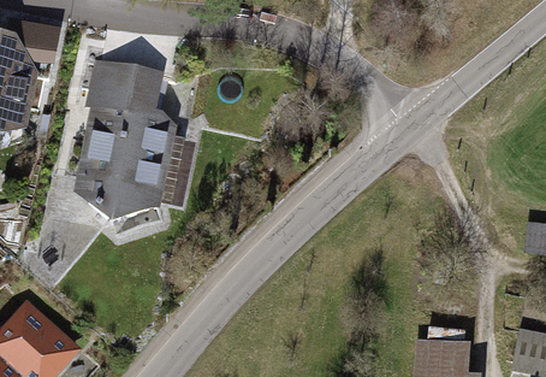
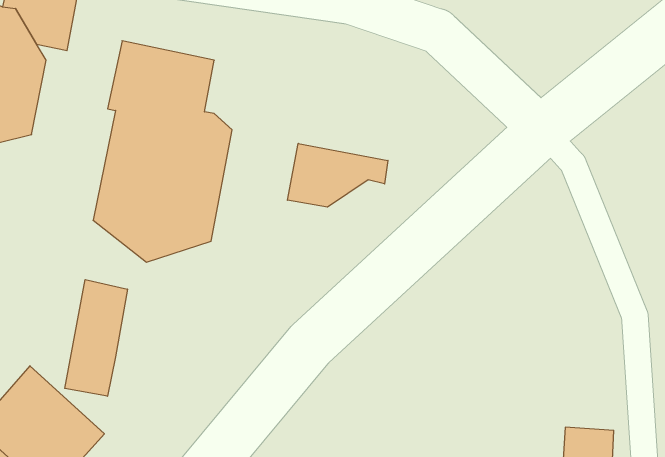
building: none -> [287,143,388,207]
building: none -> [65,280,127,396]

